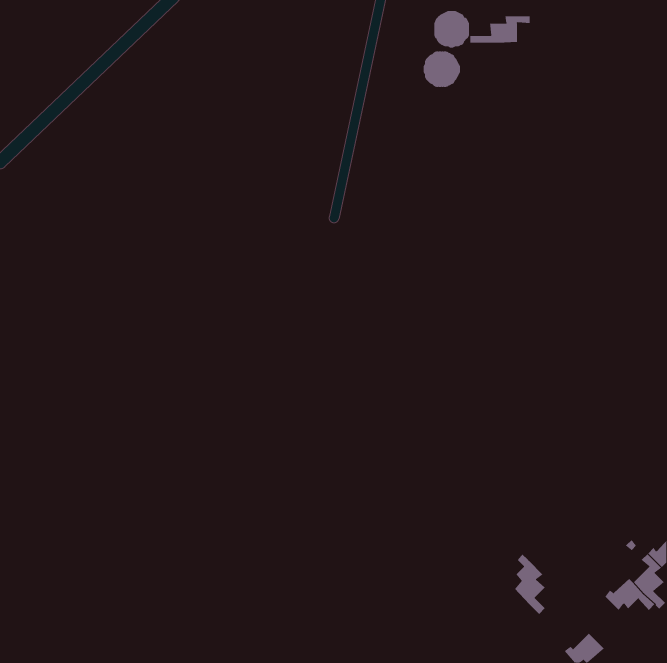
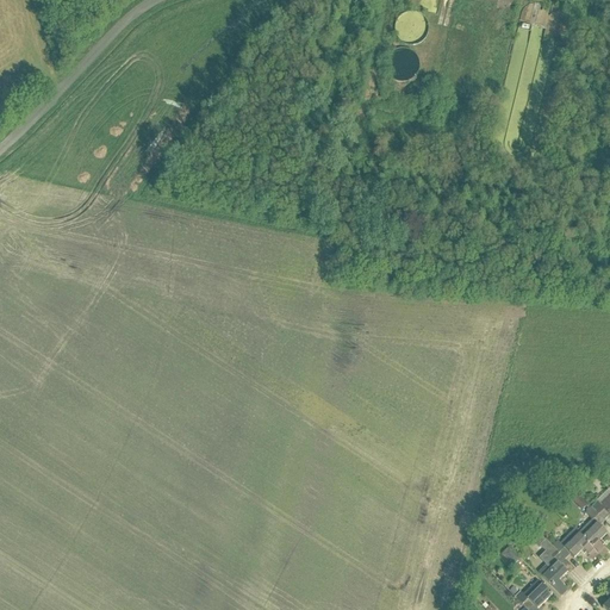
building: [470,16,530,43] -> none
building: [514,553,546,615] -> [539,539,567,595]

